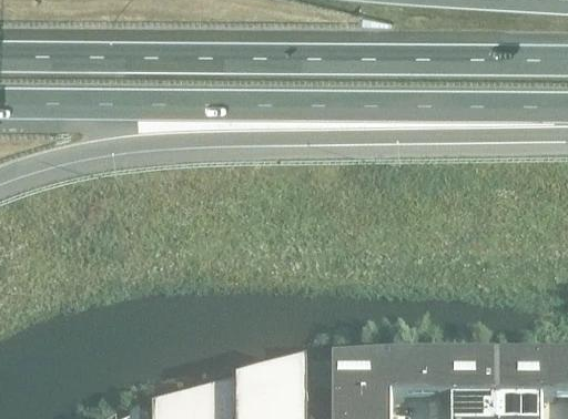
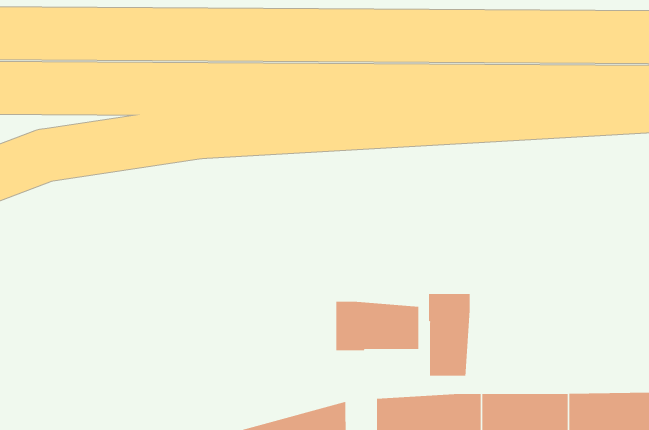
building: none -> [428,293,470,376]
building: none -> [336,301,419,351]

